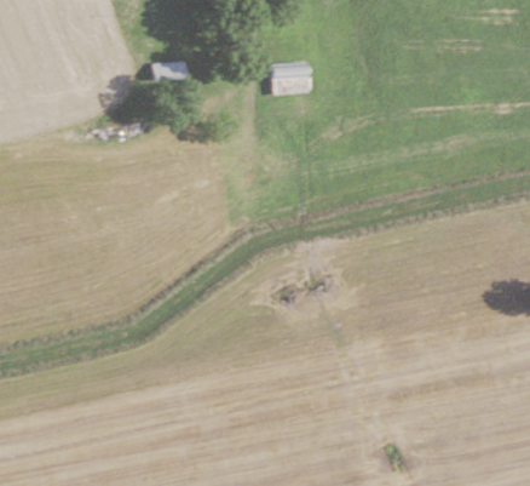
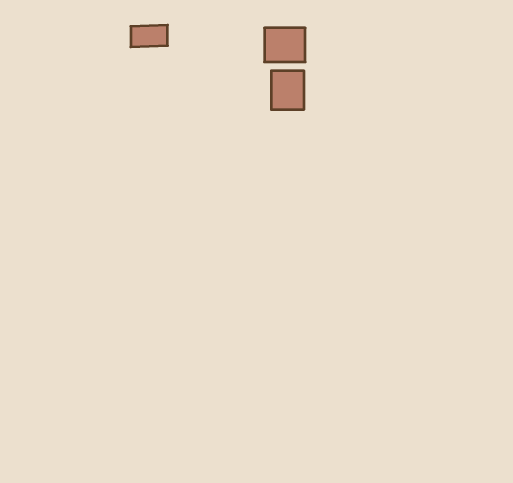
building: none -> [271,71,304,110]

